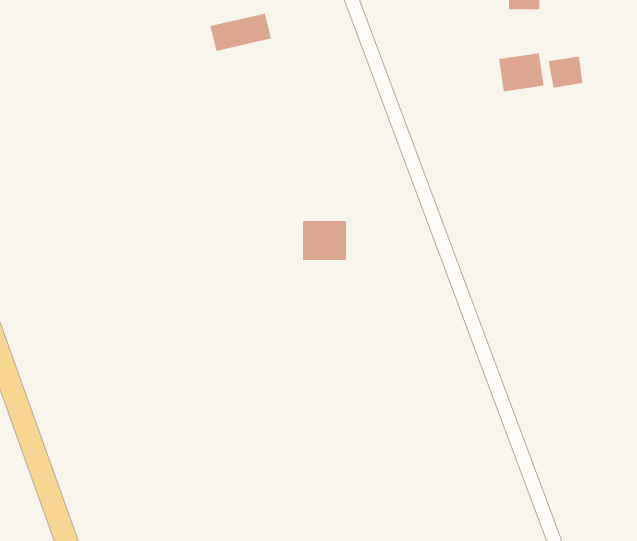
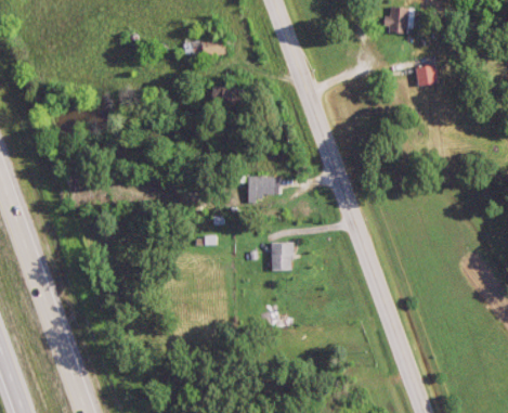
building: [499,52,544,92] -> none
building: none -> [271,242,294,270]

